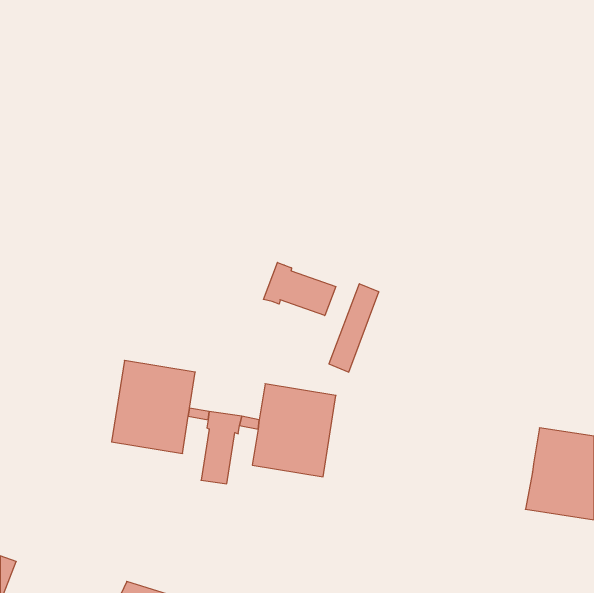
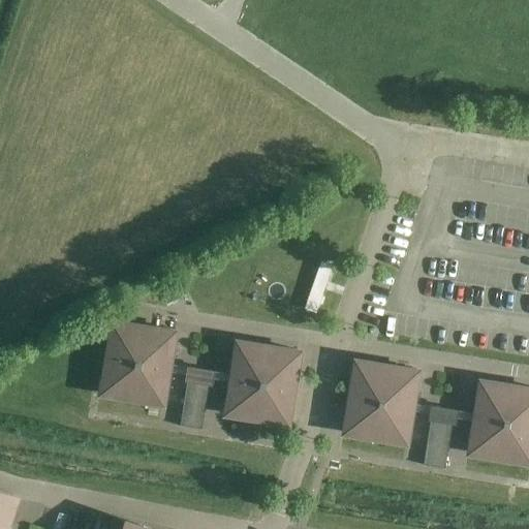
building: [263,262,336,316] -> none
building: none -> [343,362,474,470]

